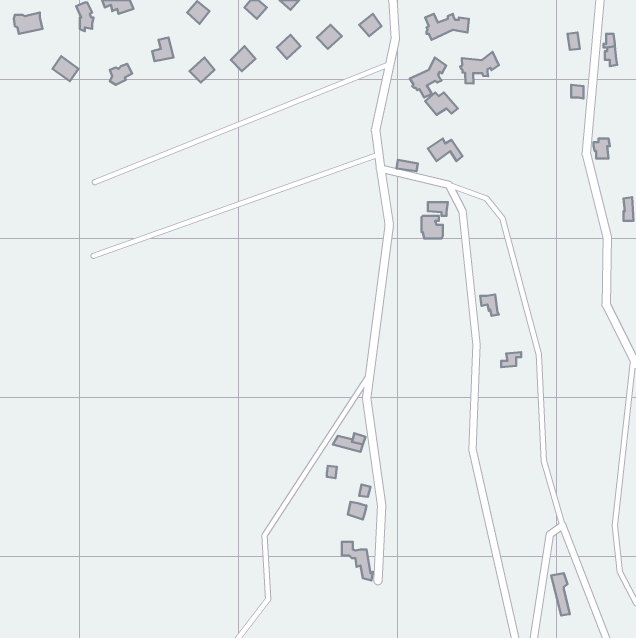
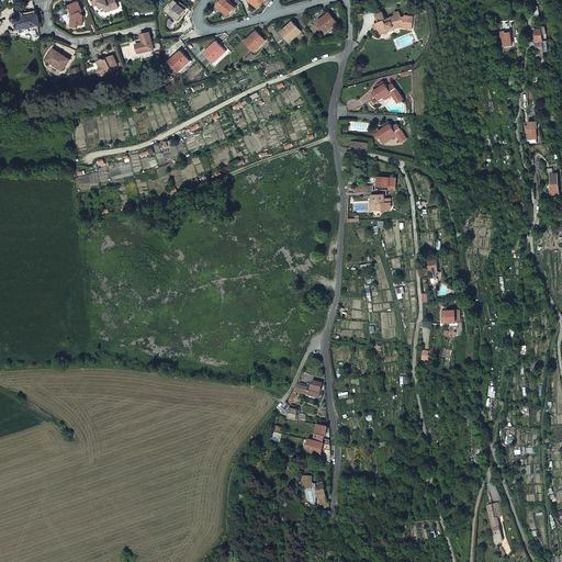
building: [460,52,499,83] -> none
building: [410,57,446,98] -> none

